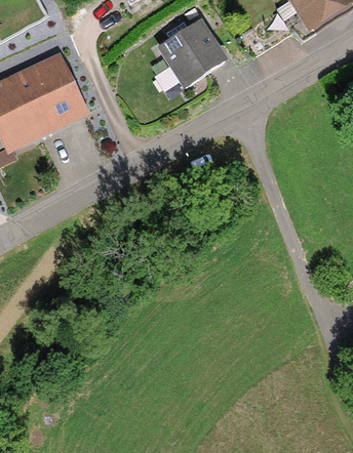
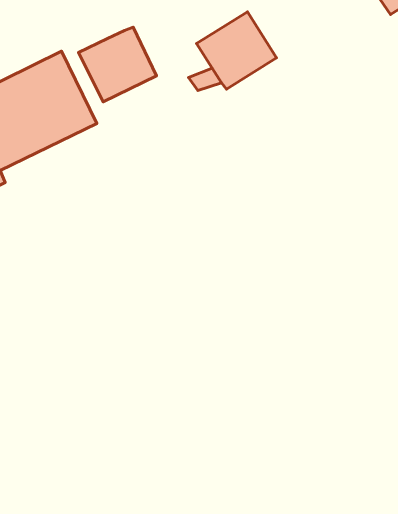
building: none -> [79,27,157,102]

